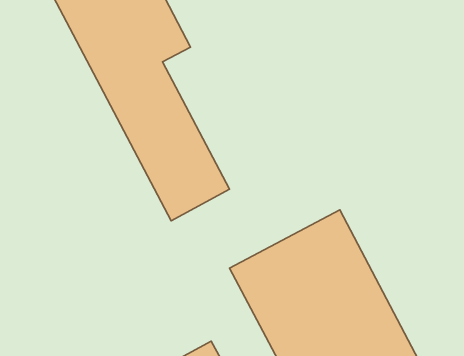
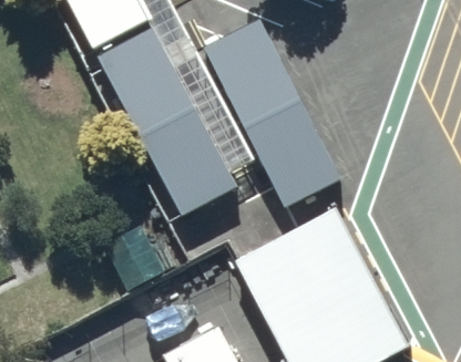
building: none -> [208,23,342,211]

